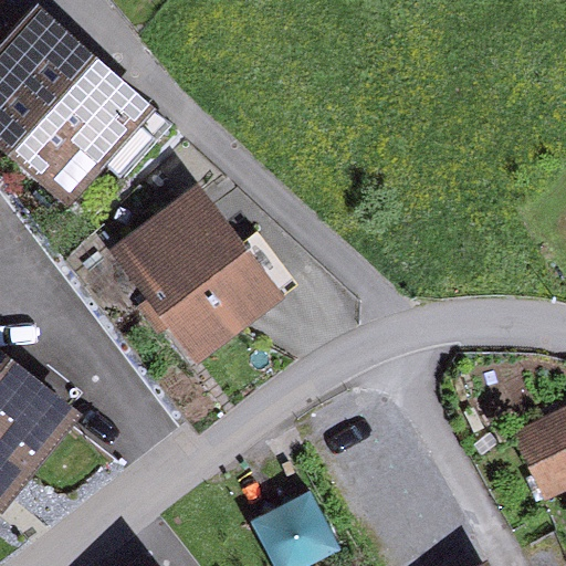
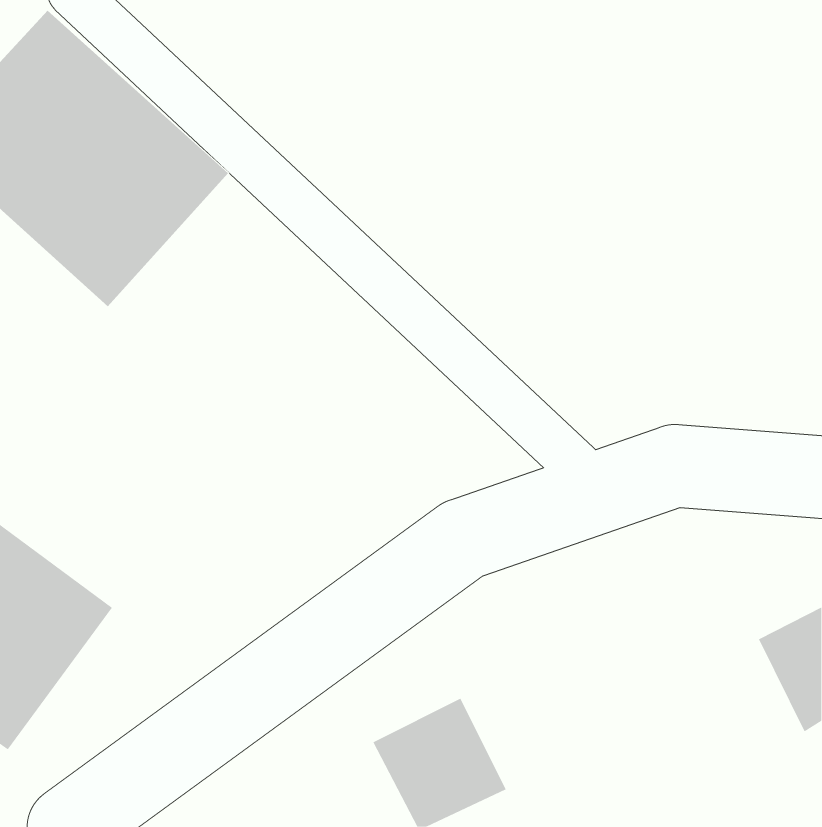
building: [111,187,279,363] -> none

